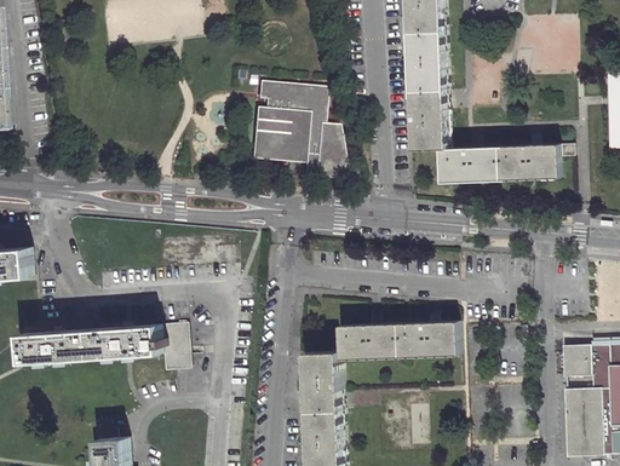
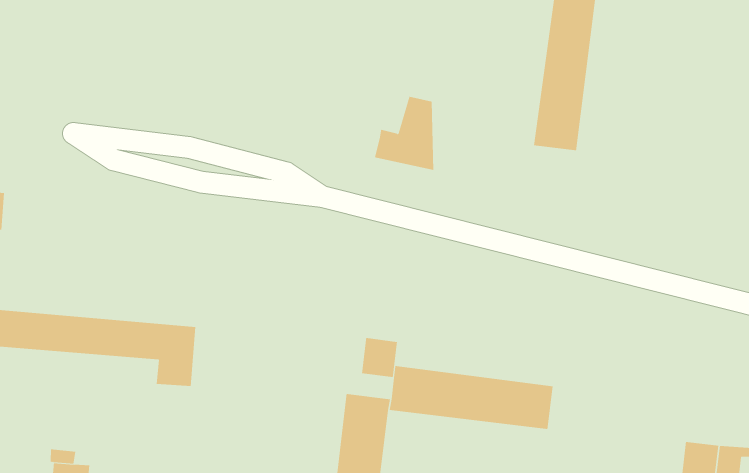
building: [249,87,316,159] -> none
building: [438,144,557,180] -> none
building: none -> [361,337,398,378]

